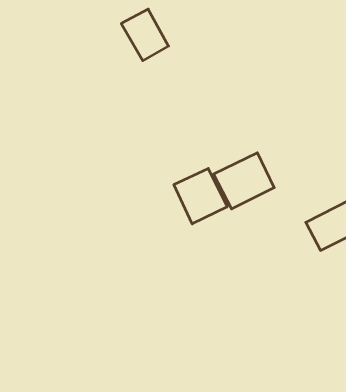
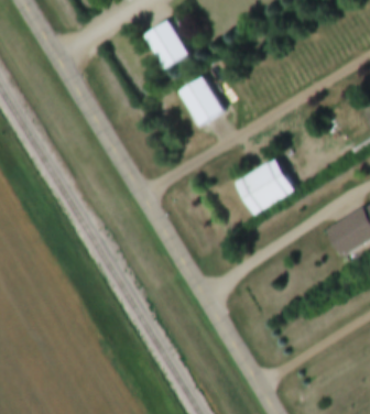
building: none -> [178,75,226,126]
building: [174,168,227,224] -> none

